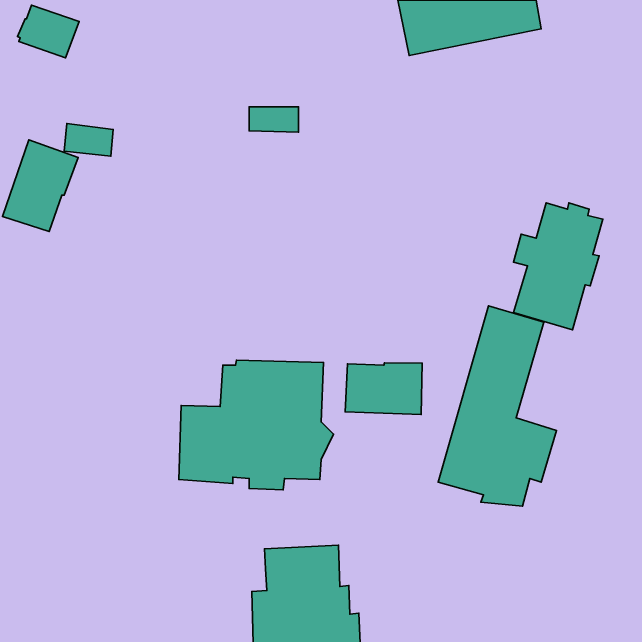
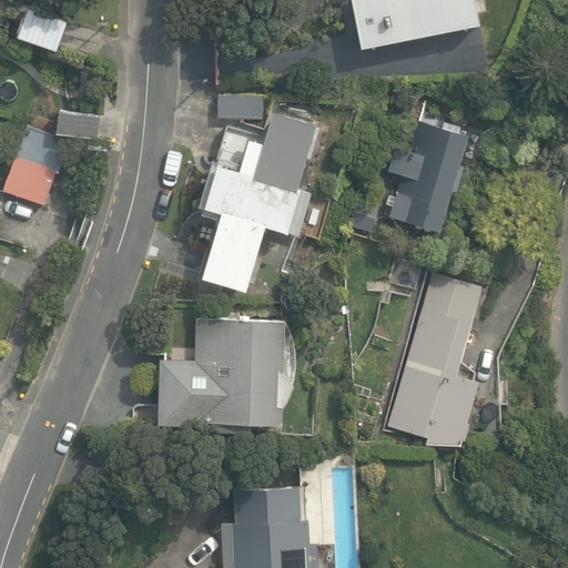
building: none -> [200,111,316,293]
building: [514,203,603,330] -> [388,119,467,231]
building: [345,363,422,414] -> none

